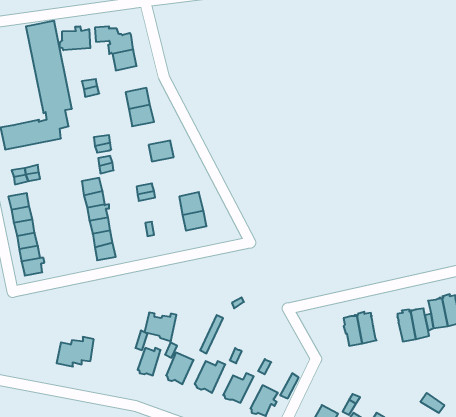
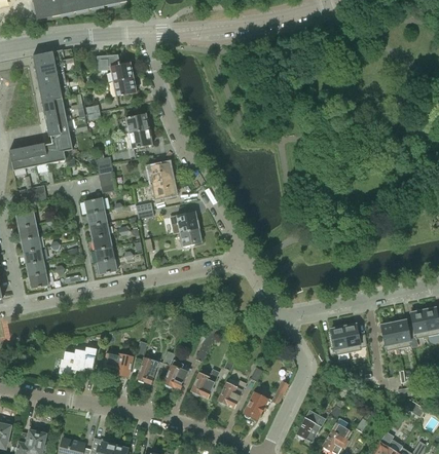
building: [60,26,90,50] -> none
building: none -> [150,178,176,198]
building: [145,313,176,341] -> [103,350,133,377]

